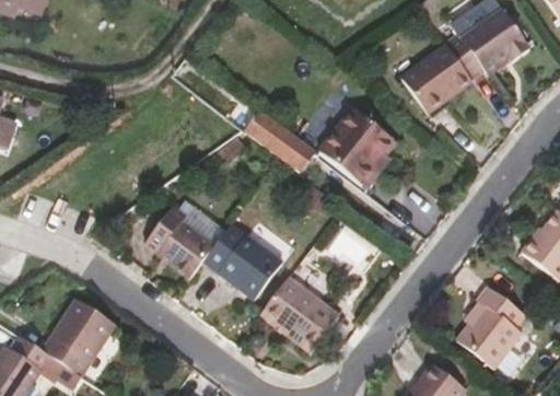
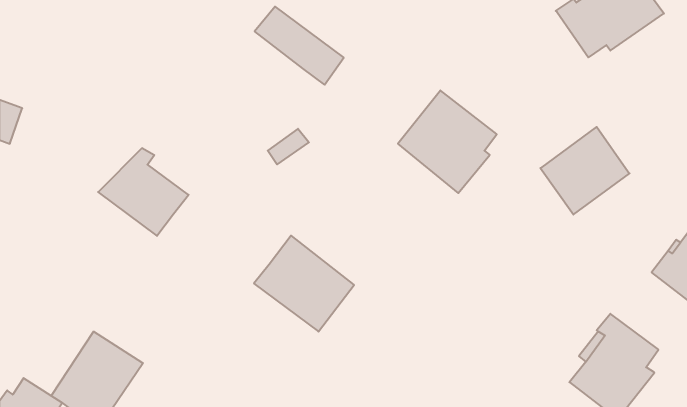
building: [400,44,471,114] -> [540,127,630,215]
building: [243,109,314,172] -> [255,7,344,85]
building: [143,208,215,278] -> [98,148,189,236]
building: [260,277,339,352] -> none

